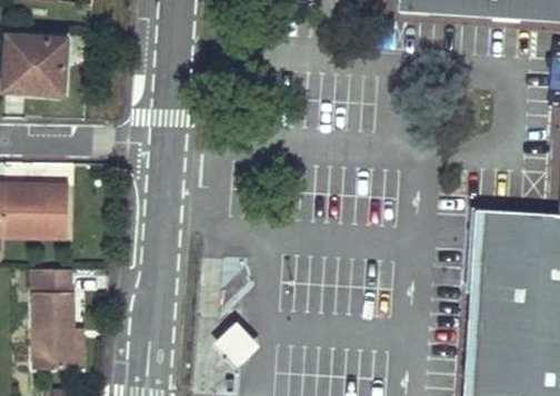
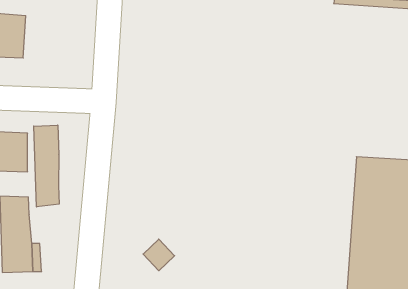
building: none -> [34,125,59,207]

